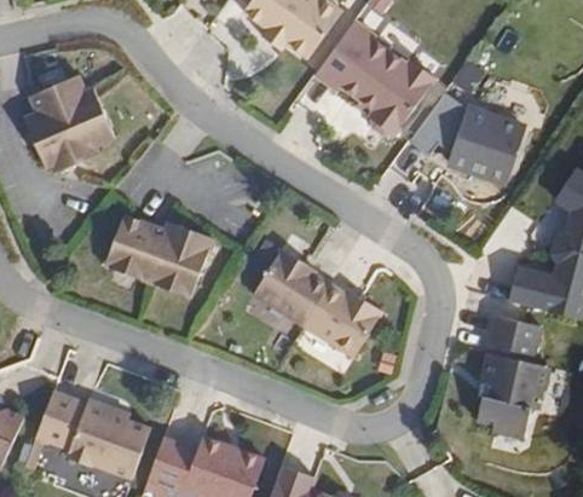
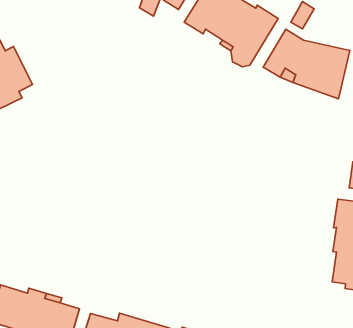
building: [104,216,210,299] -> none
building: [253,250,381,358] -> none

